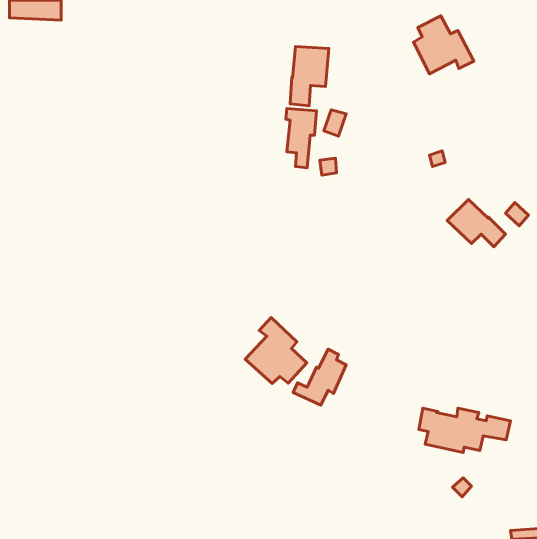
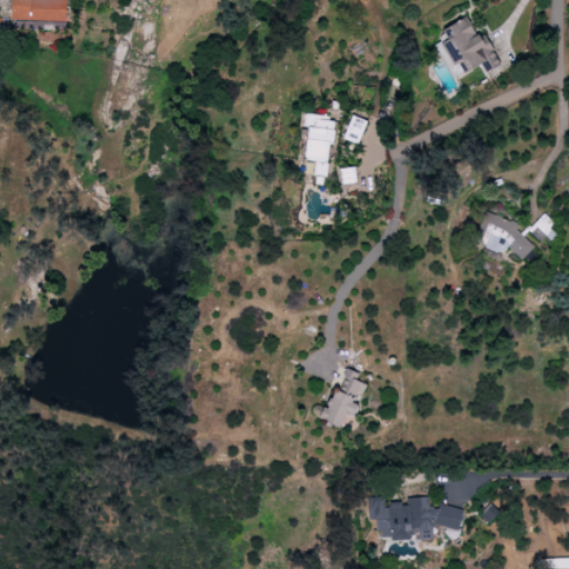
building: [290,46,329,106] -> none
building: [245,318,307,384] -> none
building: [419,408,510,453] -> [367,496,463,542]

